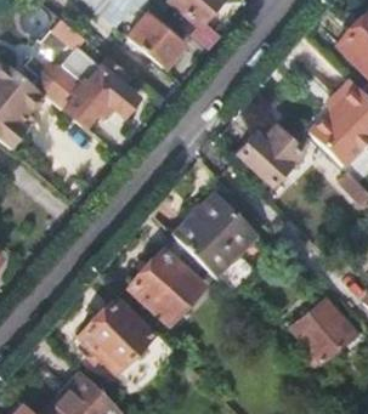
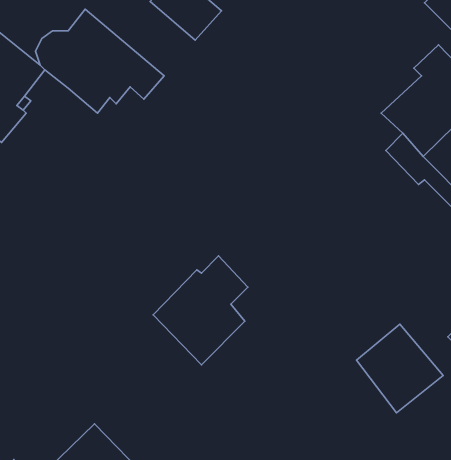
building: [237,127,307,188] -> none
building: [174,194,256,277] -> none
building: [79,295,179,381] -> none

